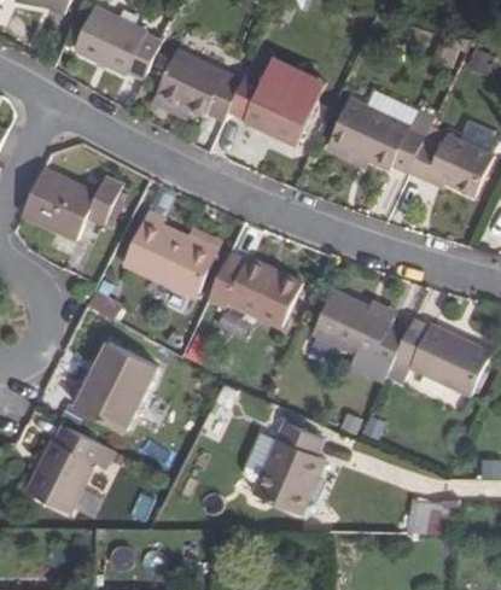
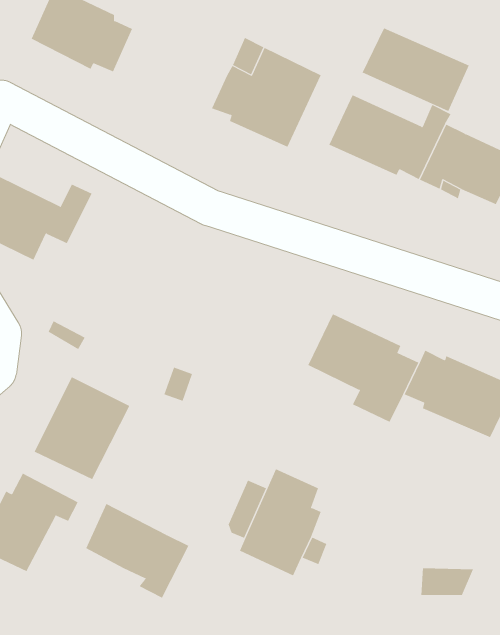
building: none -> [362,27,469,112]
building: [156,51,241,122] -> none
building: [123,211,217,296] -> none
building: [206,253,302,332] -> none
building: none -> [85,503,189,598]

